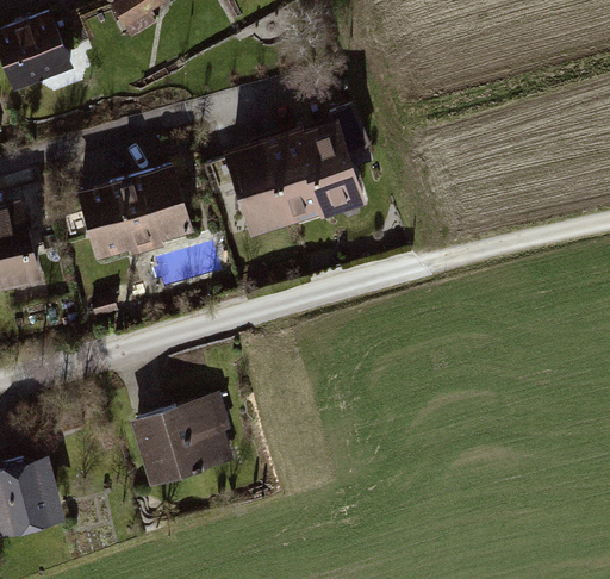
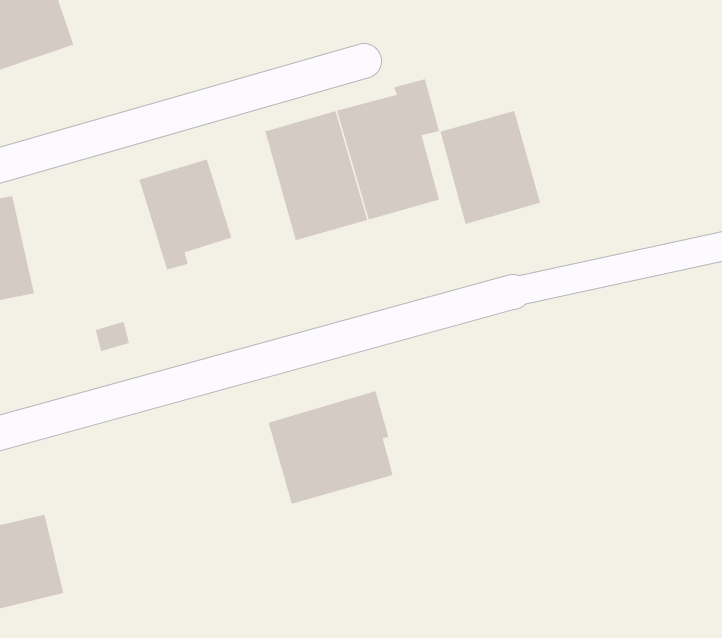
building: none -> [440,110,541,225]
building: [76,181,144,261] -> none
building: [129,393,231,486] -> [268,390,394,504]

